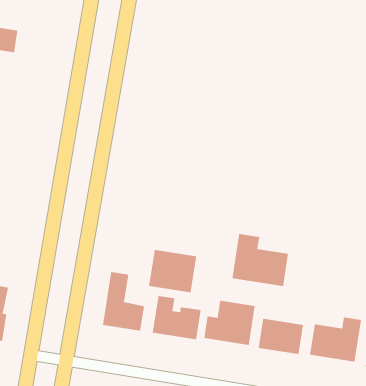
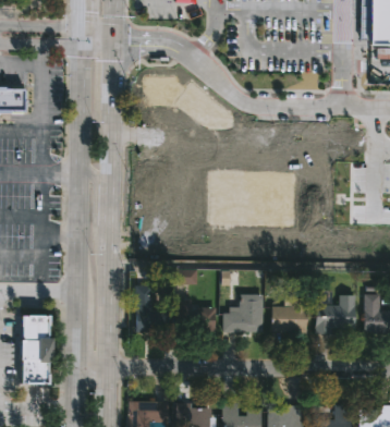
building: [232,233,289,287] -> none
building: [149,249,197,293] -> none

